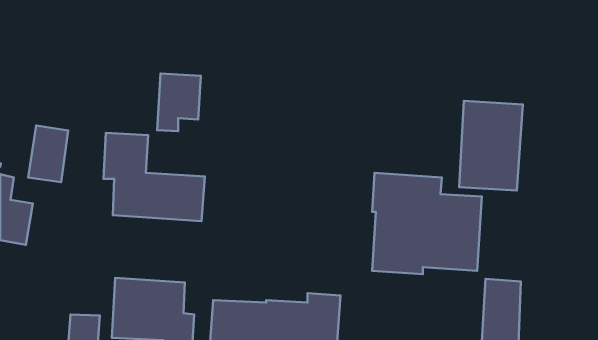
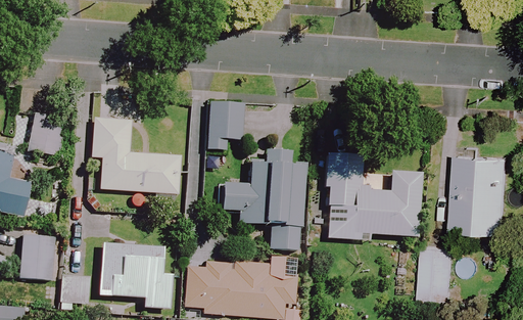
building: [157,73,201,131] -> [206,101,244,151]
building: [459,101,523,191] -> [453,153,508,231]
building: none -> [220,151,305,250]
building: none -> [20,235,48,279]

